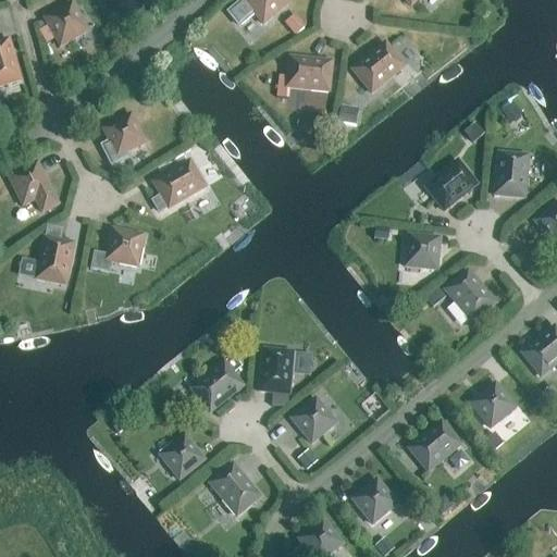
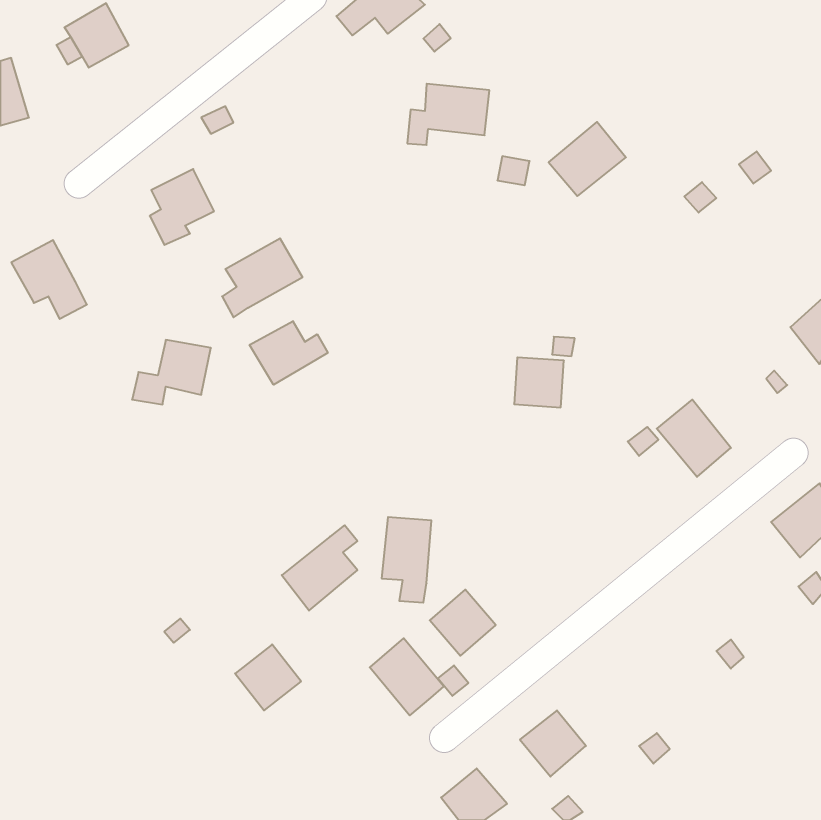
building: [352,42,405,92] -> [549,122,626,196]
building: [494,152,529,198] -> none
building: [425,160,478,211] -> none
building: none -> [250,321,328,385]
building: [36,227,74,285] -> none
building: [406,235,440,269] -> [514,357,564,407]
building: [470,383,515,428] -> none
building: [409,421,460,471] -> none
building: [210,463,260,516] -> [370,638,444,715]

